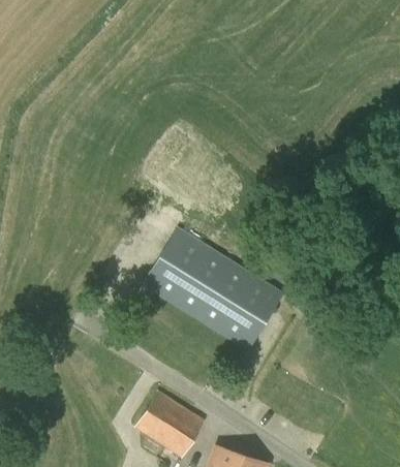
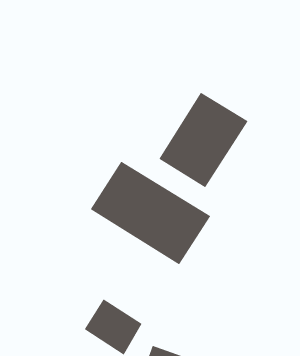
building: none -> [158,92,249,188]

